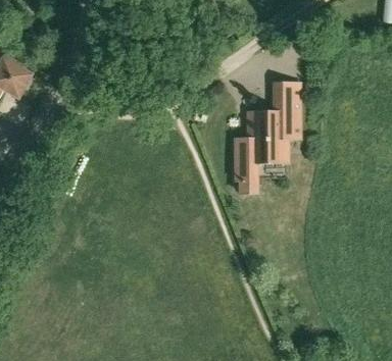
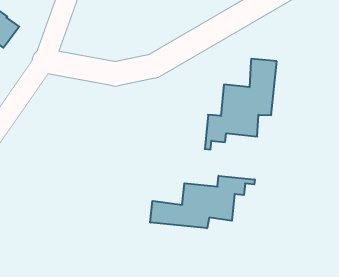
building: none -> [150,176,255,228]

